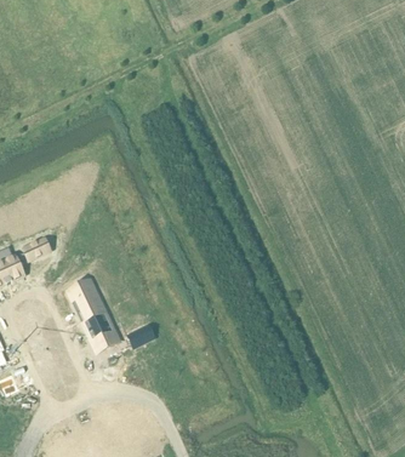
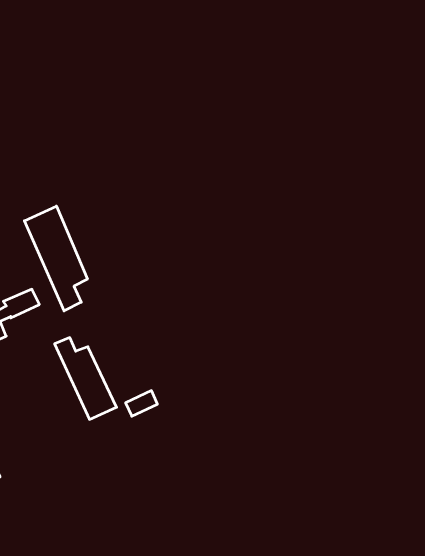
building: none -> [24,206,87,311]

